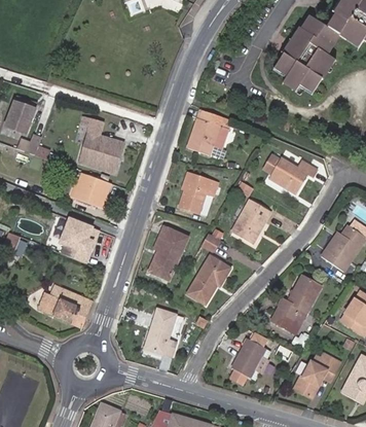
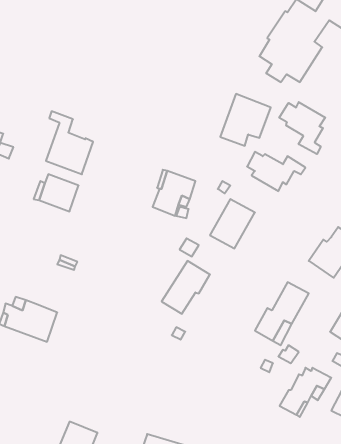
building: [187,107,233,154] -> [220,94,271,146]
building: none -> [279,102,325,154]
building: [59,218,98,262] -> none
building: [148,224,189,279] -> none
building: [144,307,177,355] -> none
building: [231,332,271,383] -> none

